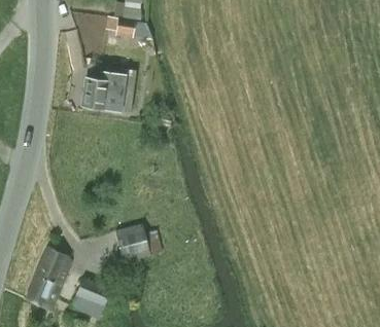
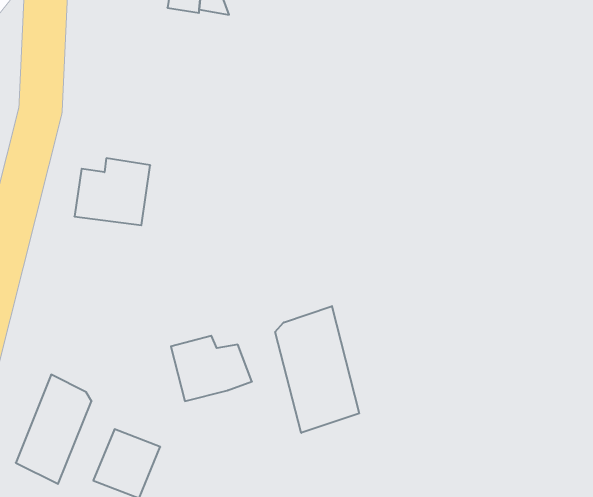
building: [81,71,126,110] -> [74,158,150,225]
building: none -> [275,306,359,433]

